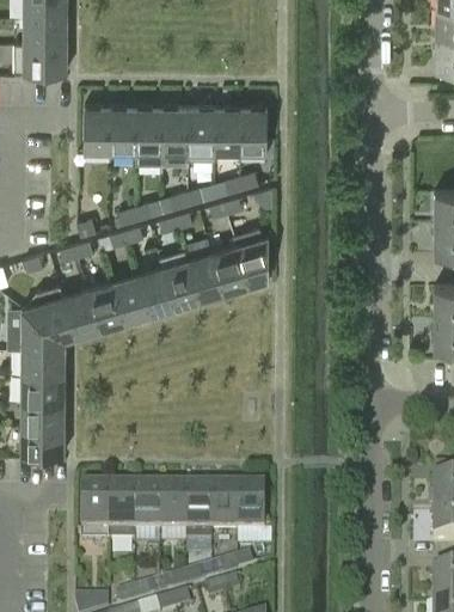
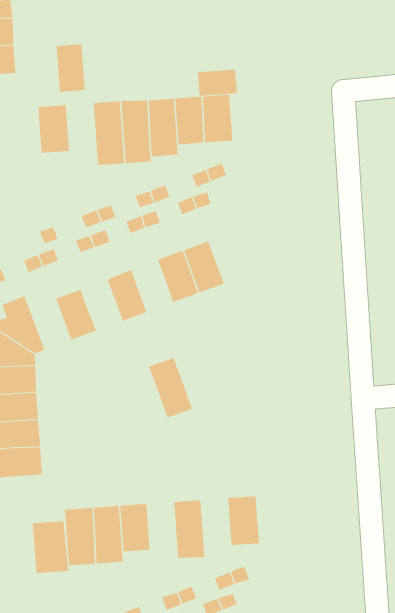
building: none -> [197,69,237,97]
building: [111,106,136,151] -> [56,44,86,92]
building: [233,228,269,287] -> none
building: [159,251,198,308] -> [148,357,193,418]
building: [112,275,149,323] -> none
building: [62,289,99,337] -> none
building: [160,490,185,536] -> none
building: [211,490,237,536] -> none
building: none -> [32,520,69,574]

